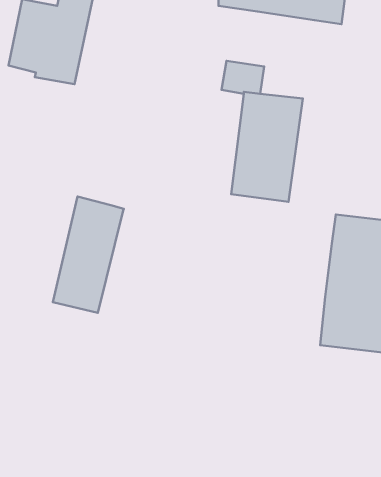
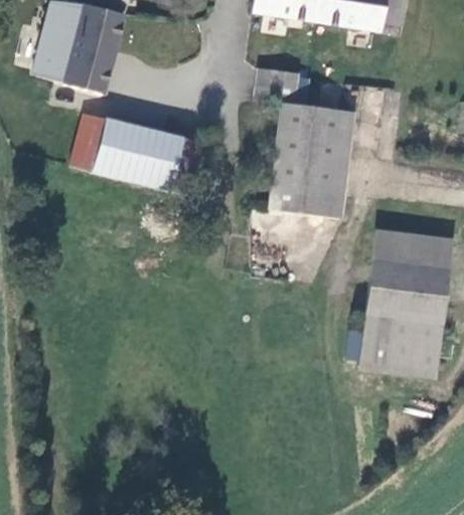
building: none -> [74,114,207,194]
building: [53,196,124,313] -> none

